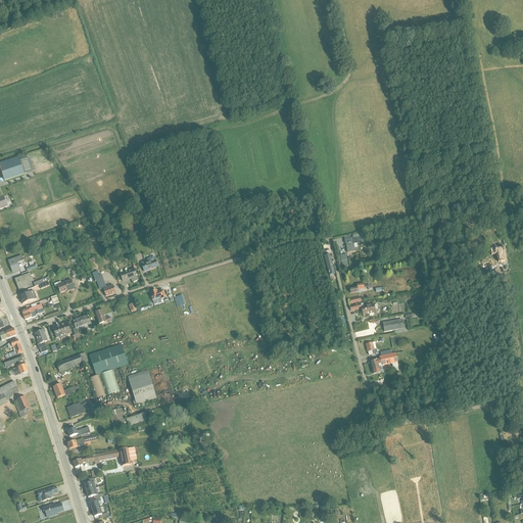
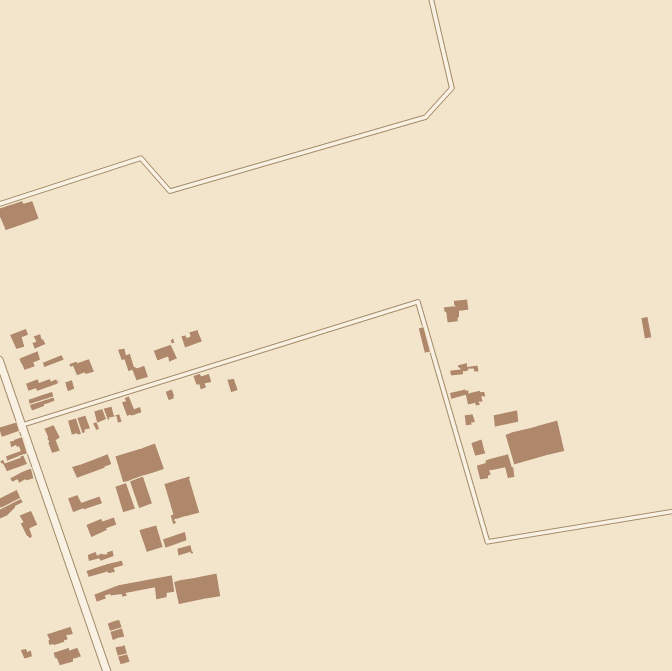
building: none -> [505,420,565,465]
building: none -> [174,573,221,605]

